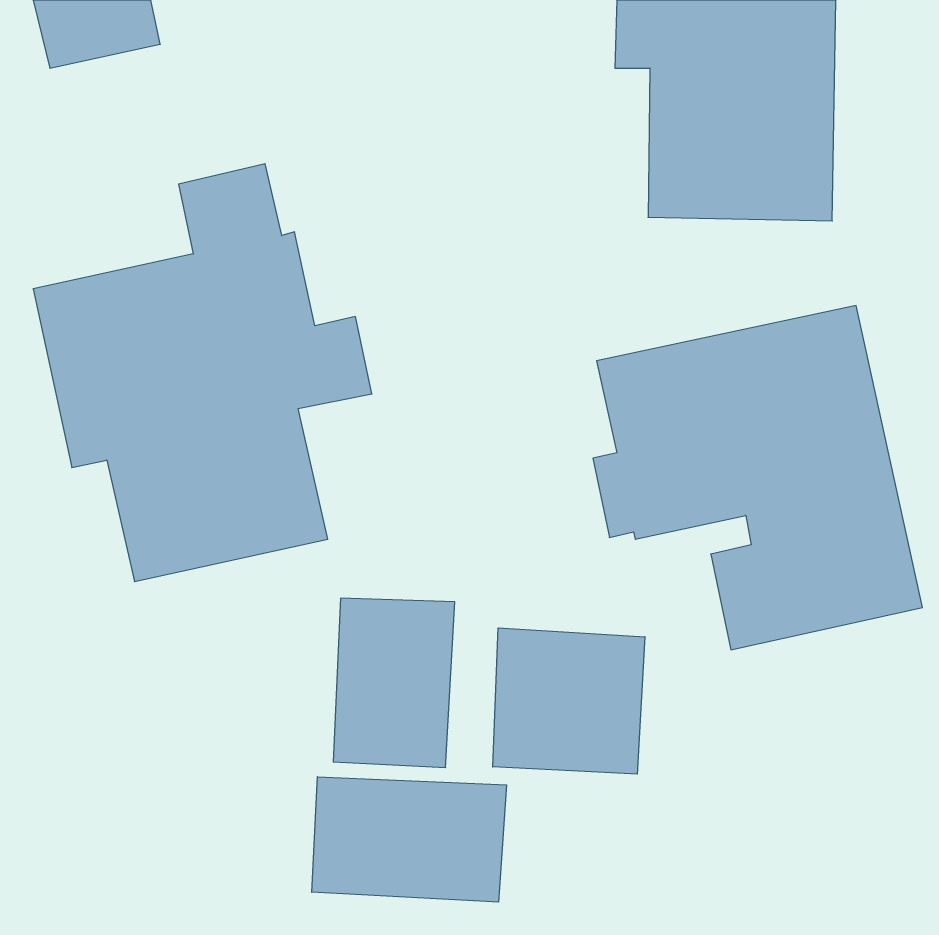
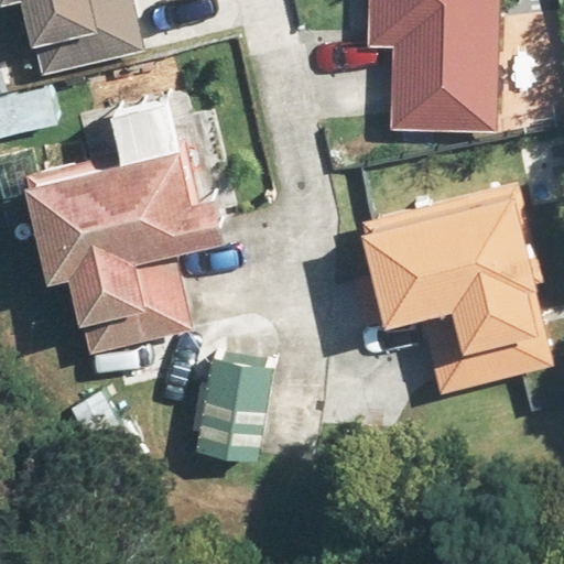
building: [493,628,645,774] -> none
building: [312,777,506,902] -> none

